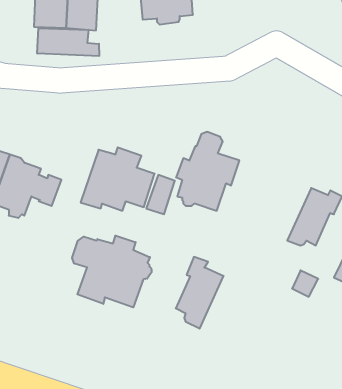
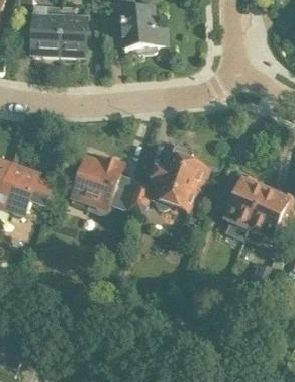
building: [37,28,99,56] -> none
building: [72,236,151,307] -> none
building: [176,257,224,329] -> [225,173,266,233]

